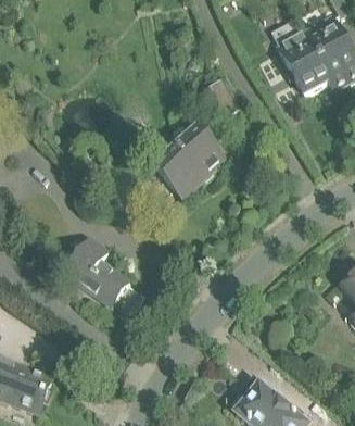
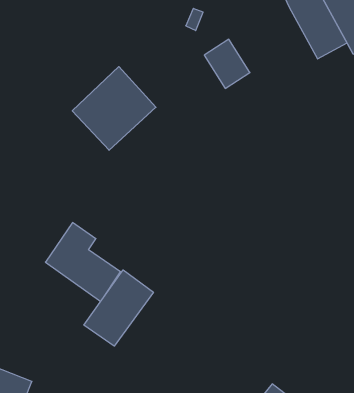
building: [151,125,225,199] -> [72,67,156,150]
building: none -> [84,270,153,346]

